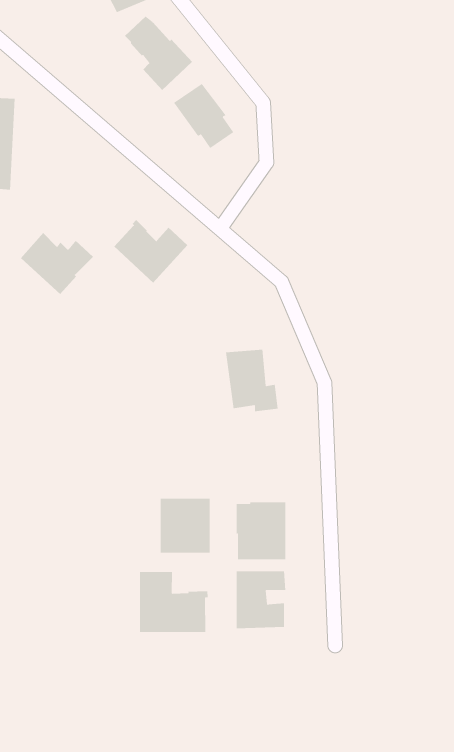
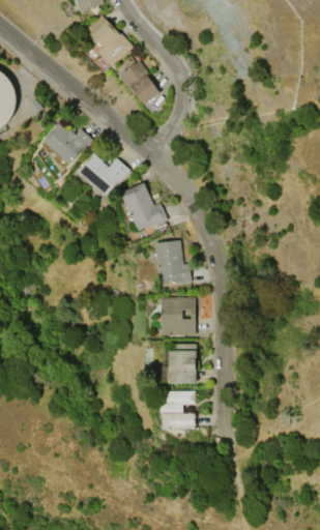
building: [20,232,94,295] -> [42,123,92,166]
building: none -> [120,183,167,232]
building: [160,498,210,553] -> [161,298,195,335]
building: [140,571,208,633] -> none

